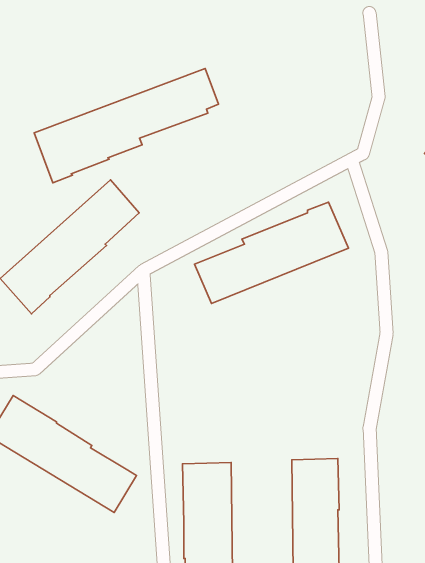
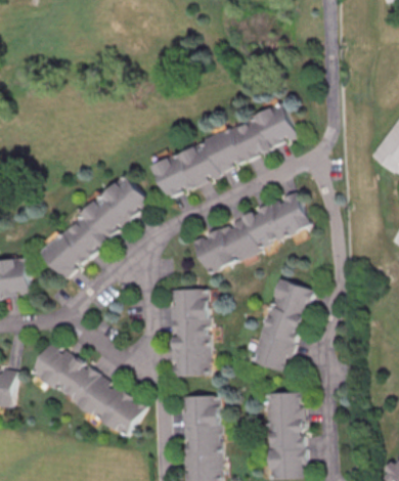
building: [34,69,218,183] -> [152,110,296,199]
building: none -> [253,279,310,370]
building: none -> [170,289,208,376]

